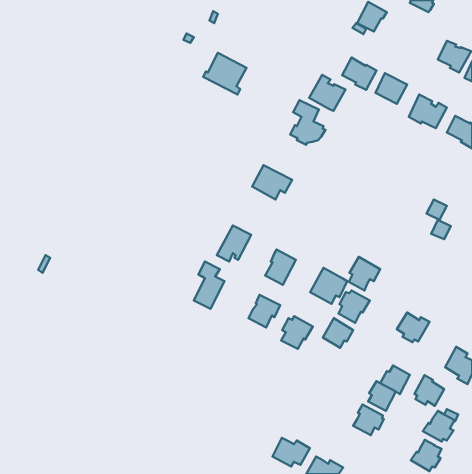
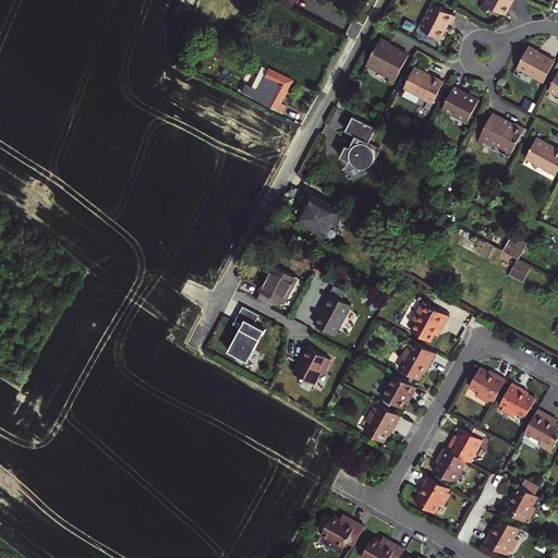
building: [309,75,345,111] -> [365,38,408,81]
building: [310,268,347,304] -> none
building: [281,316,313,349] -> [363,404,400,442]
building: [414,375,444,406] -> [498,381,533,417]

